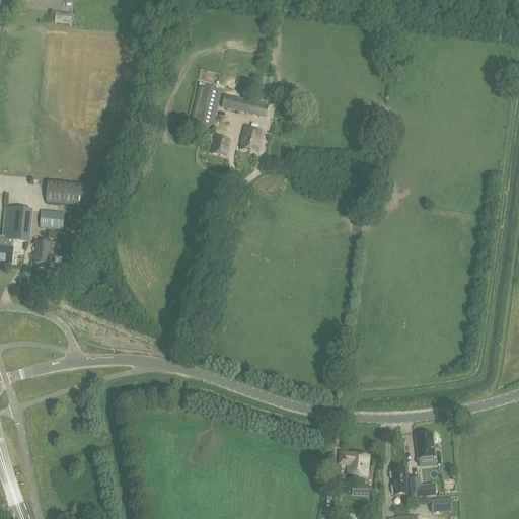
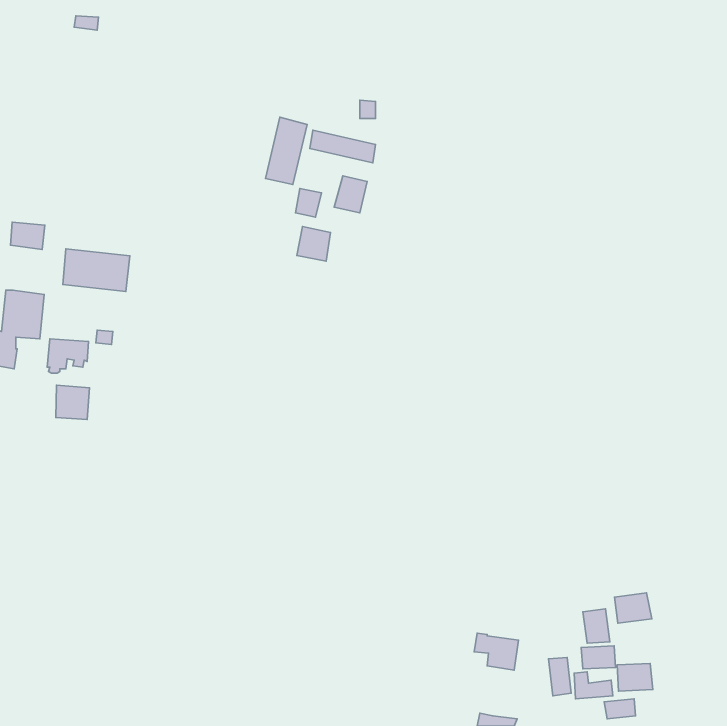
building: none -> [297,227,330,261]
building: [39,209,63,228] -> [11,222,45,249]
building: none -> [56,385,89,420]
building: none -> [615,593,652,623]
building: none -> [617,663,653,691]

